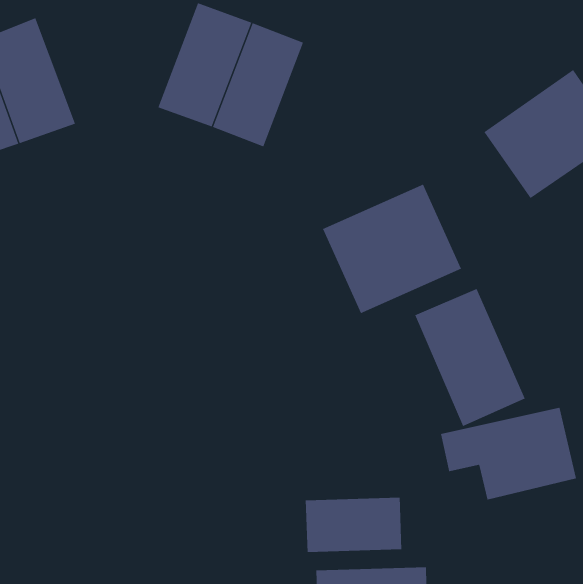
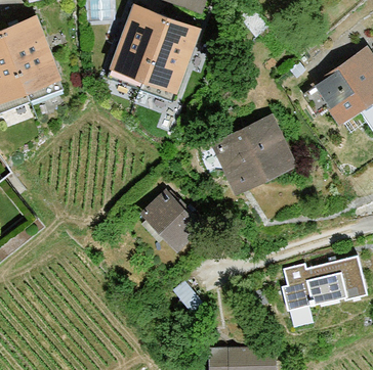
building: [414,288,526,427] -> none
building: none -> [141,192,202,253]
building: [305,497,402,553] -> none

